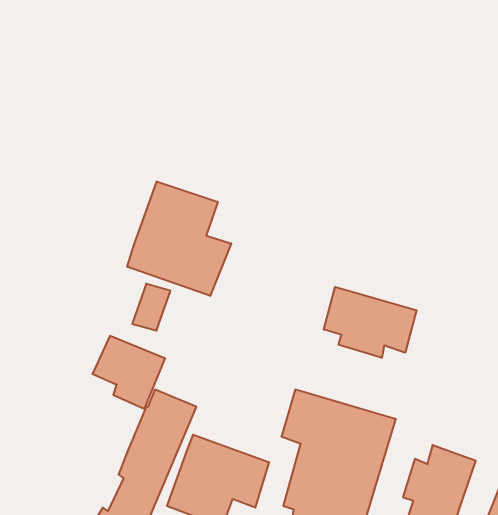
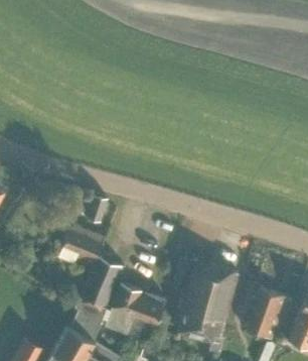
building: [127,181,231,296] -> none
building: [324,287,416,358] -> none

